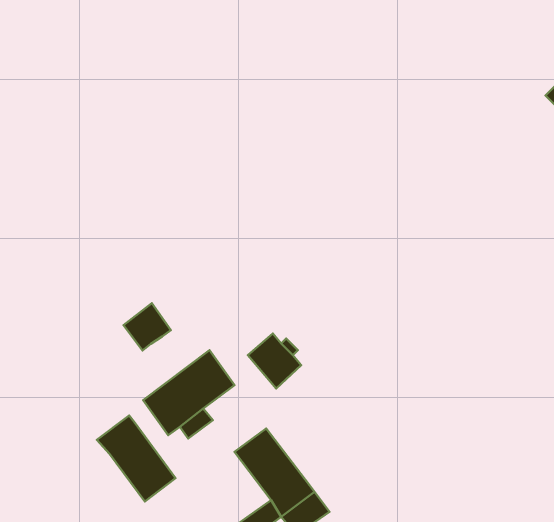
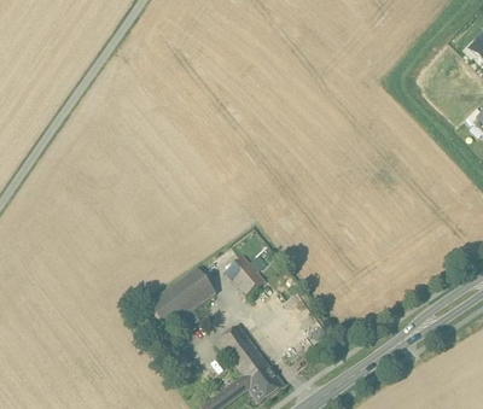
building: [123,303,171,350] -> none
building: [97,415,175,502] -> none

